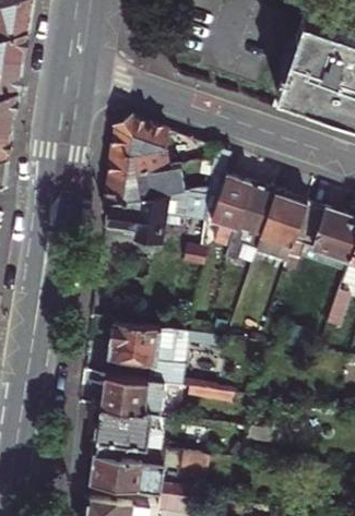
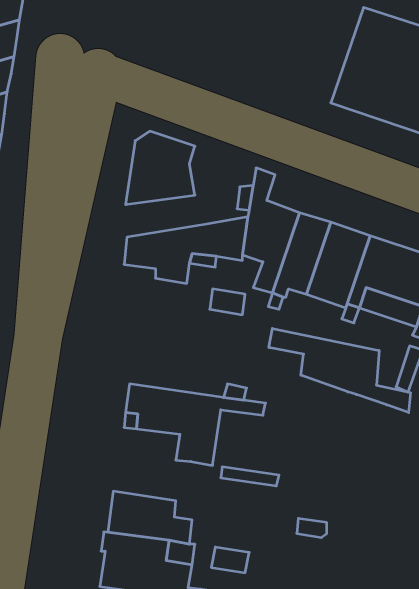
building: [107,168,178,204] -> none
building: none -> [269,328,410,413]
building: [102,375,164,416] -> none

